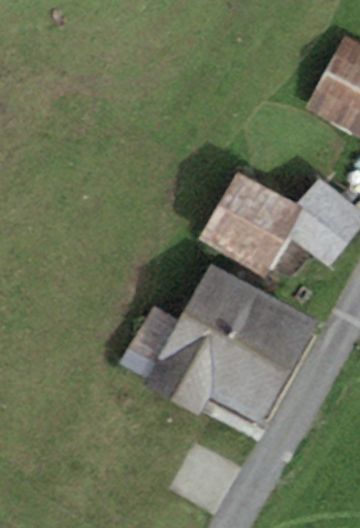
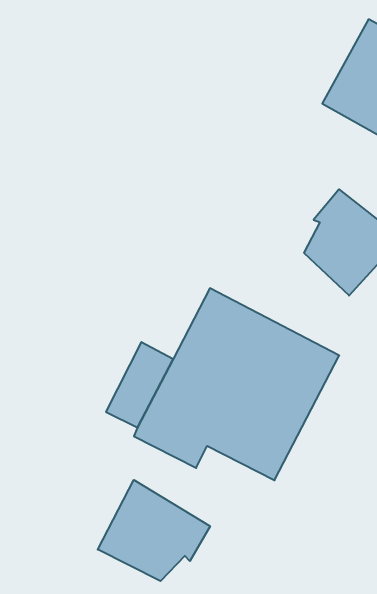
building: [199,172,302,276] -> none
building: none -> [98,480,210,581]

